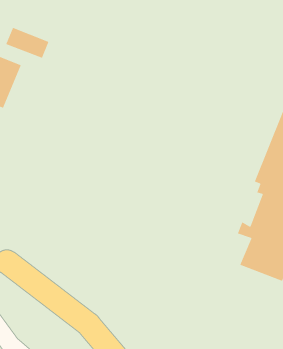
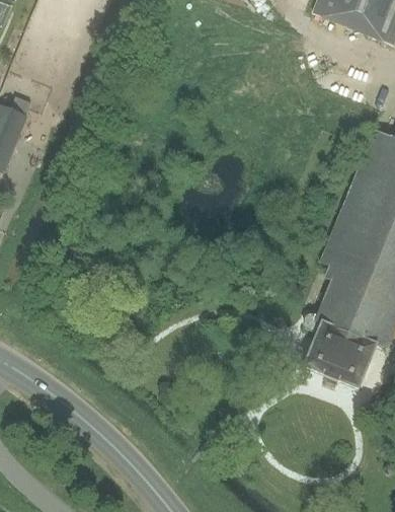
building: [5,27,50,59] -> none

